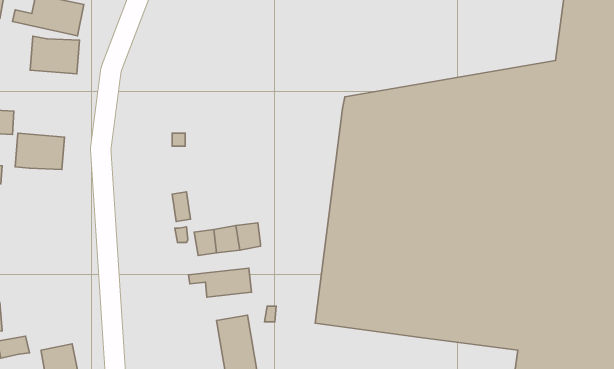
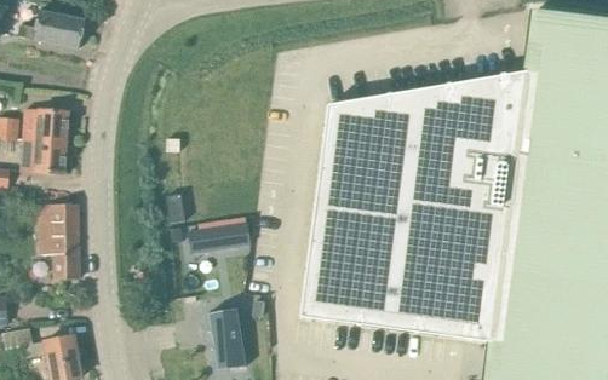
building: [30,36,80,74] -> [23,106,69,142]
building: none -> [39,202,79,277]
building: [189,268,251,297] -> none

